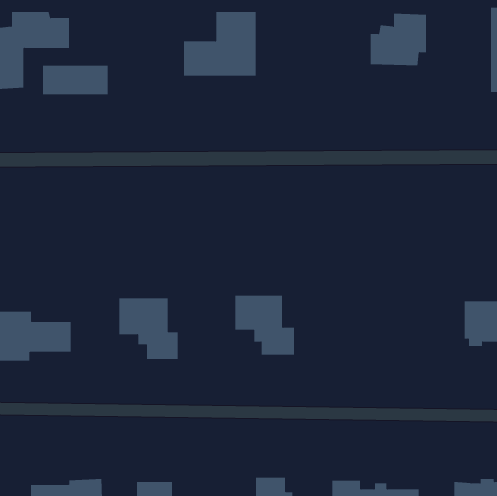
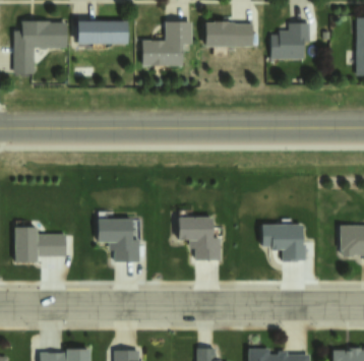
building: none -> [207,22,254,48]
building: [42,65,108,95] -> [81,22,127,43]
building: none -> [264,221,305,262]

